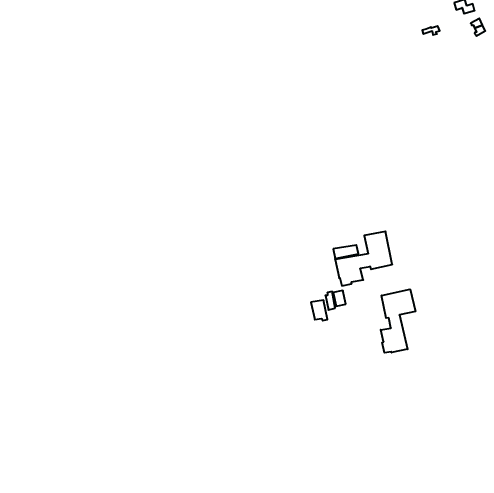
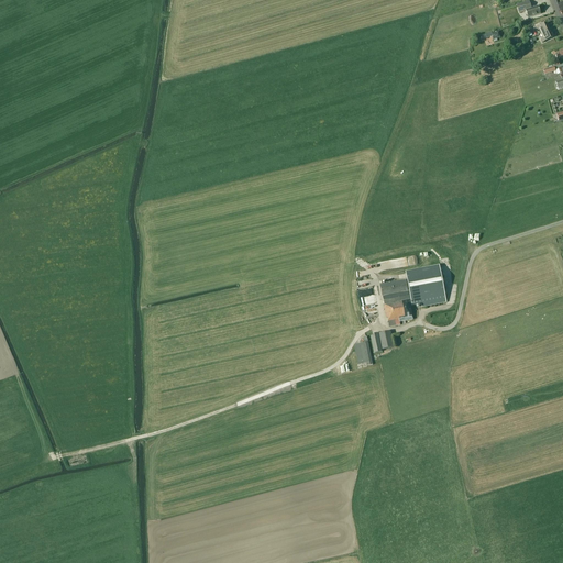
building: [381,289,415,353] -> none

